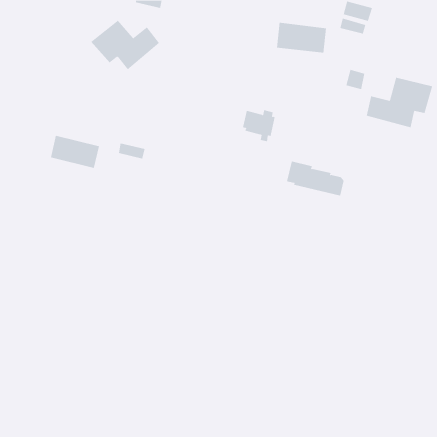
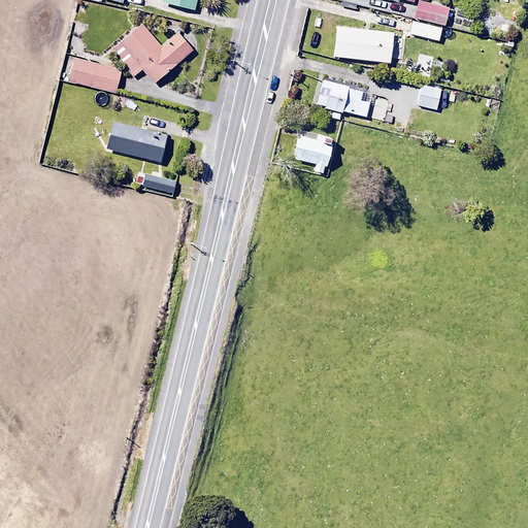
building: none -> [68,59,122,93]
building: [366,77,433,128] -> none
building: [50,135,100,168] -> [106,120,166,160]
building: [286,161,344,196] -> [318,77,388,120]

